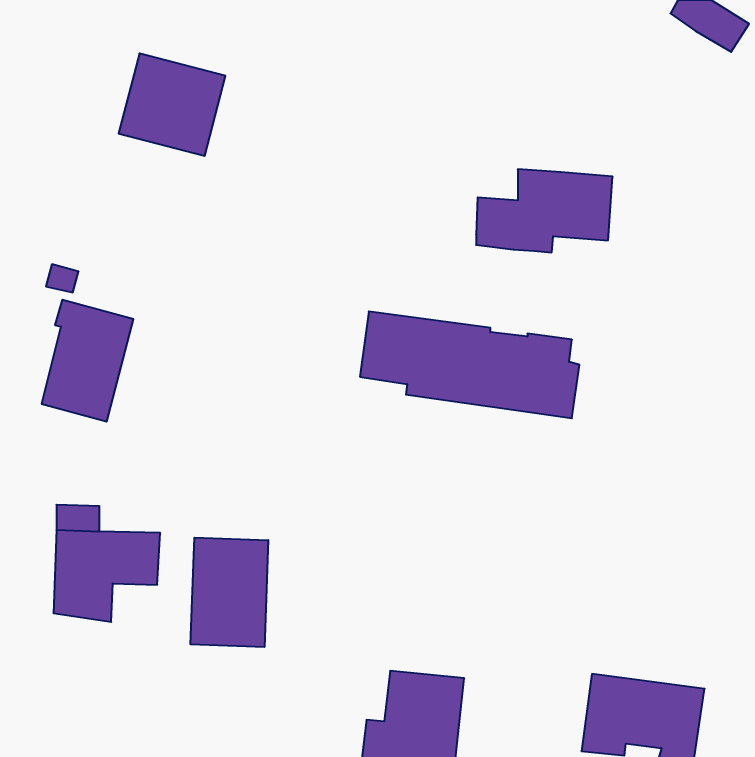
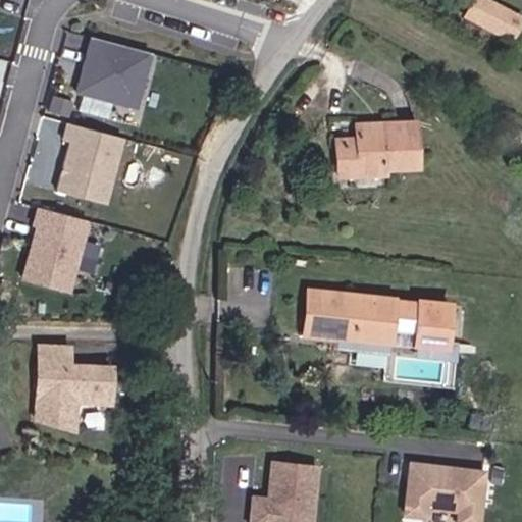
building: none -> [61,123,127,204]
building: [360,311,579,418] -> [300,285,451,359]
building: [191,538,268,647] -> none

